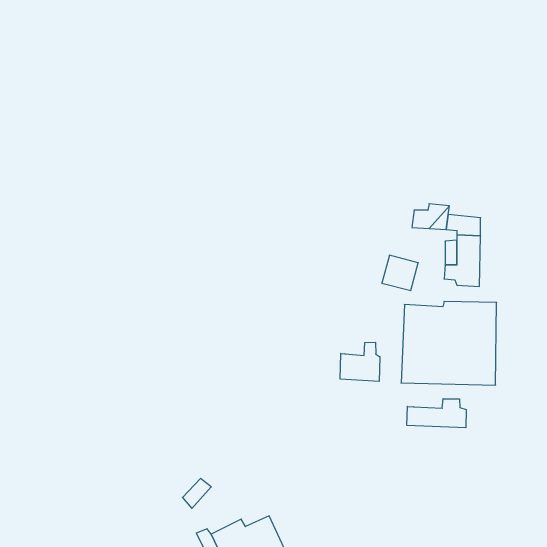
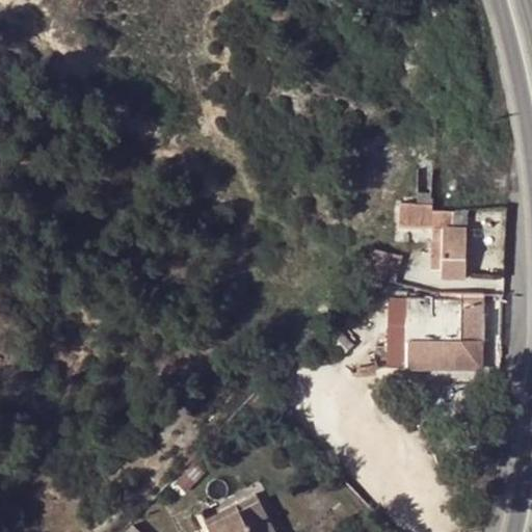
building: [340,342,380,381] -> none
building: [407,399,466,428] -> none

